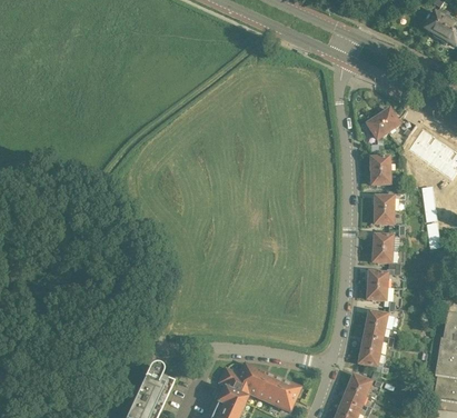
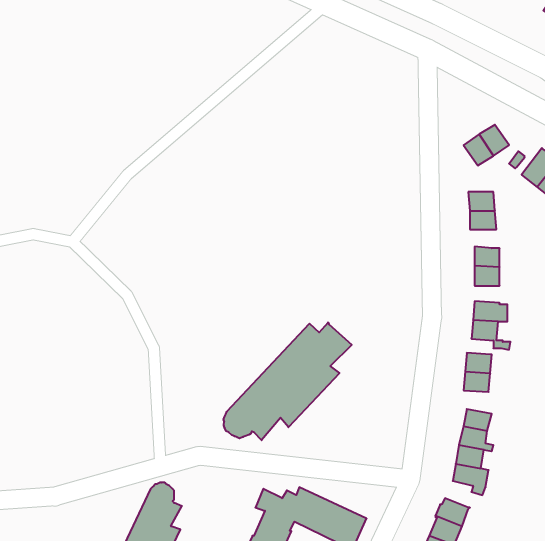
building: none -> [224,322,352,440]

